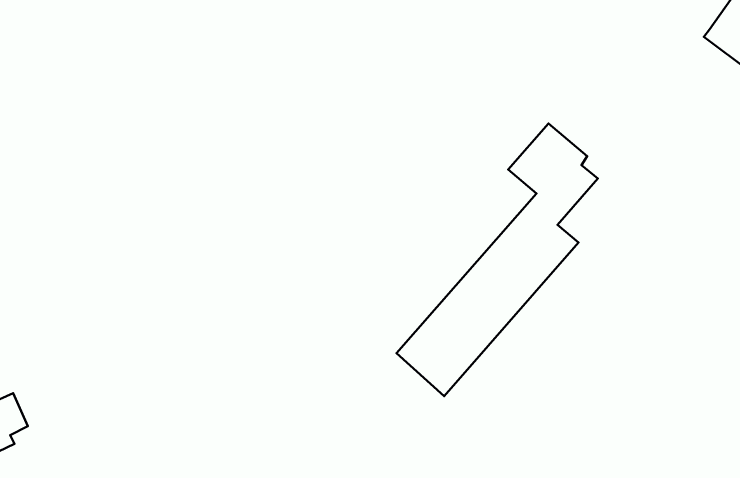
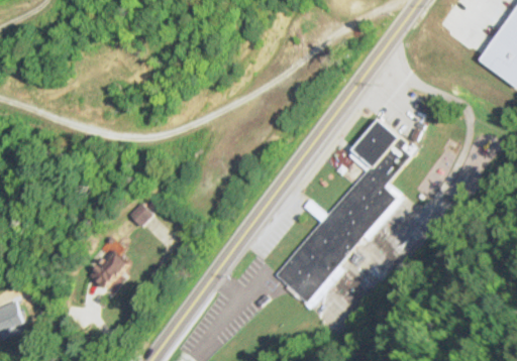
building: none -> [130,202,159,227]
building: none -> [90,251,128,289]

